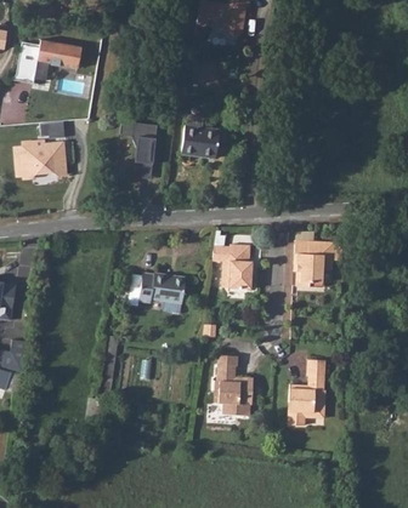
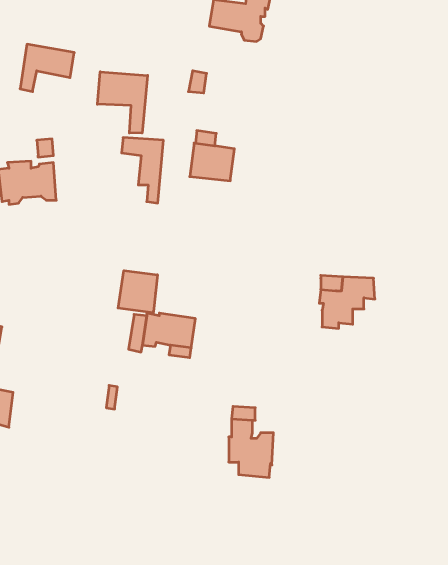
building: none -> [97,72,148,133]
building: none -> [118,271,157,313]
building: [211,244,250,287] -> none
building: [287,359,325,426] -> none

